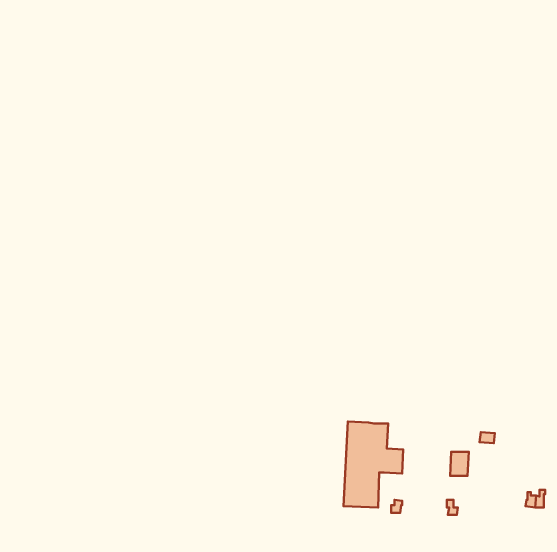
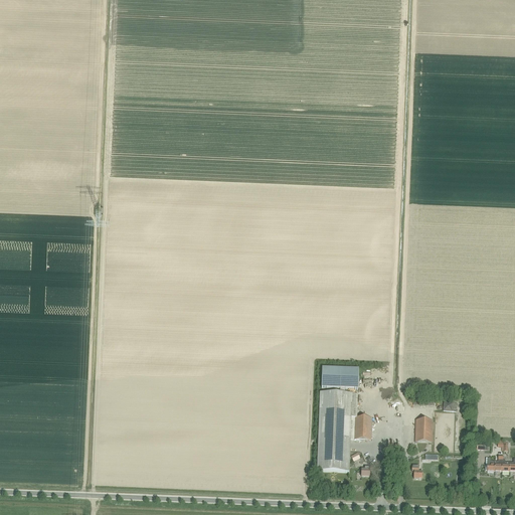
building: none -> [322,365,359,391]

